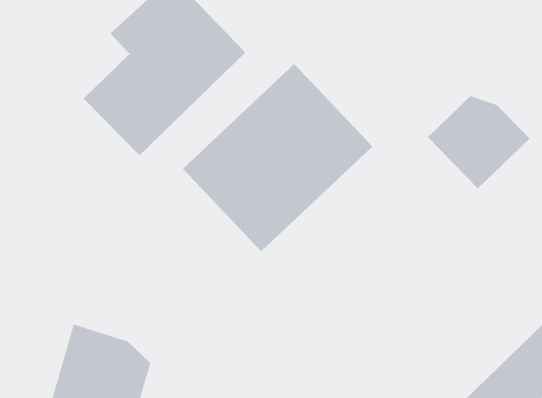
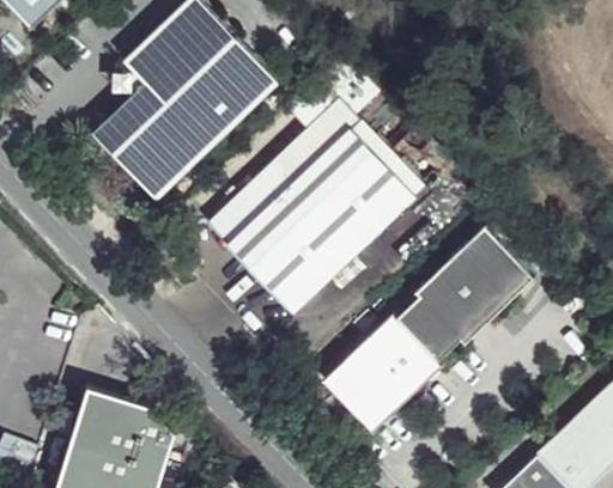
building: [427,95,531,189] -> none
building: none -> [326,226,536,431]

